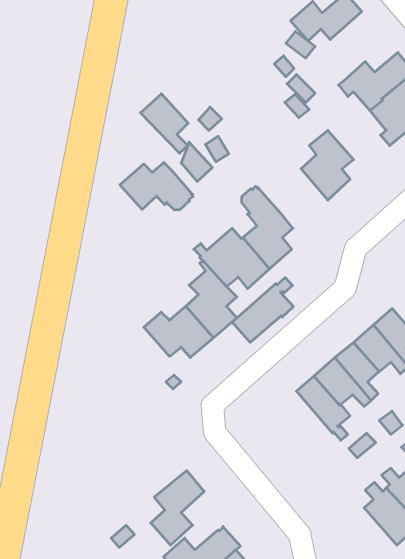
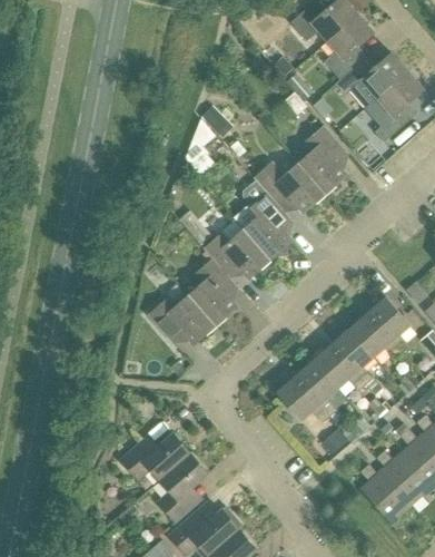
building: none -> [324,13,375,80]
building: [140,94,188,153] -> none
building: [120,162,193,210] -> none
building: none -> [258,164,325,212]
building: [232,278,293,342] -> none
building: none -> [276,377,329,423]
building: none -> [120,432,190,478]

